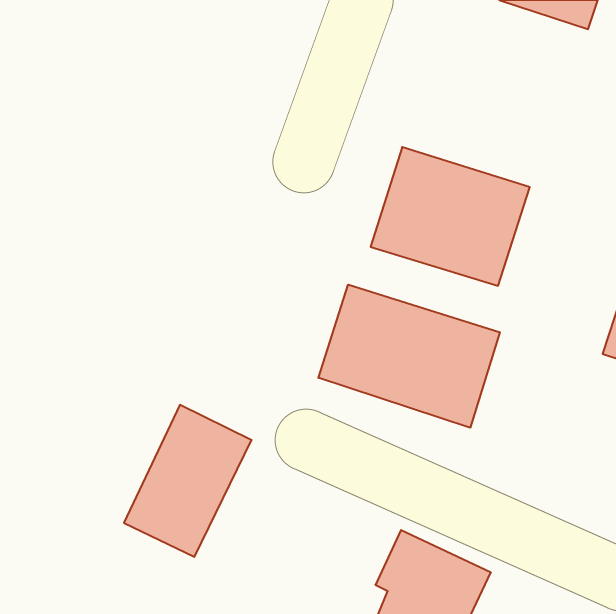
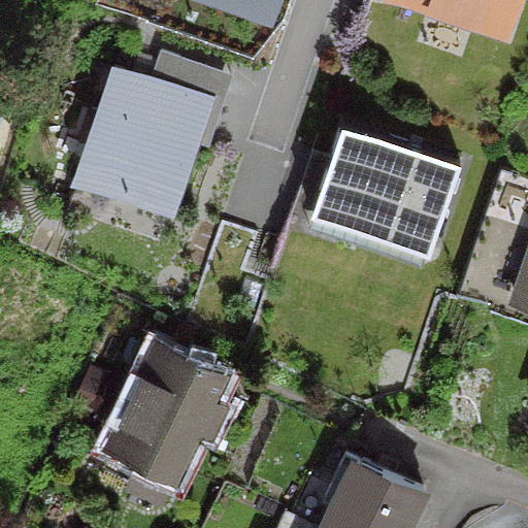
building: none -> [79,73,210,213]
building: [318,285,500,428] -> none

